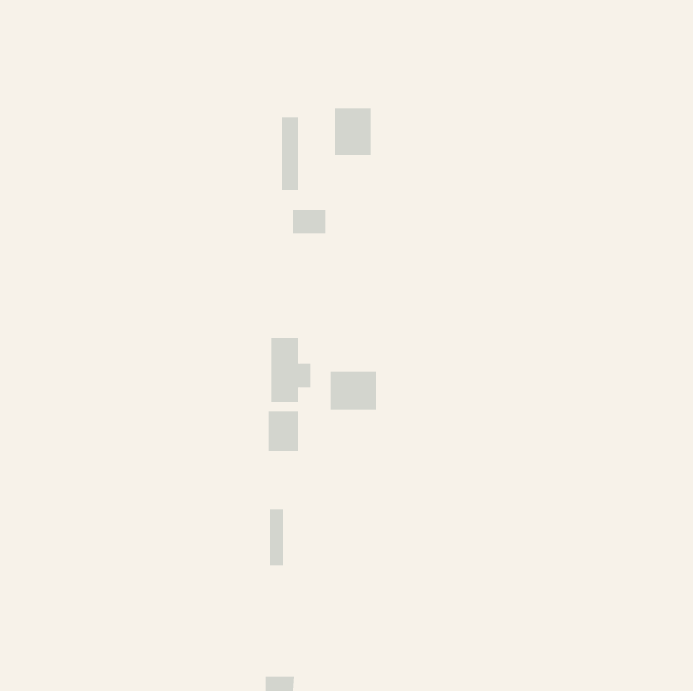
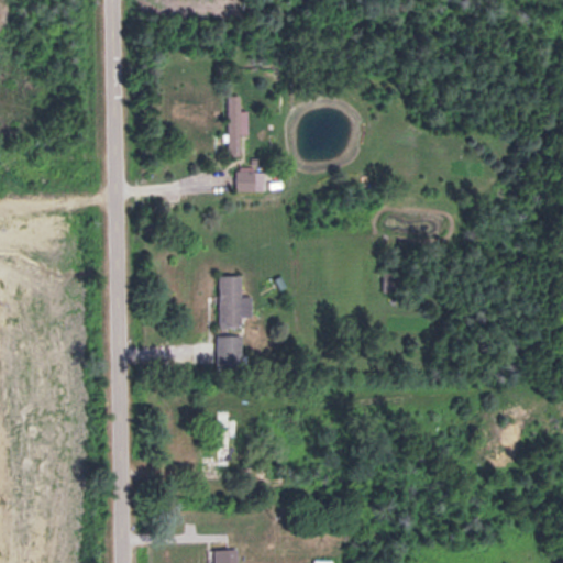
building: [334,108,371,156] -> none
building: [330,371,376,411] -> none

